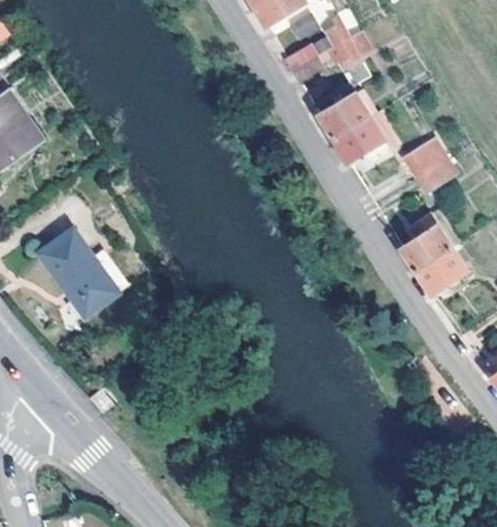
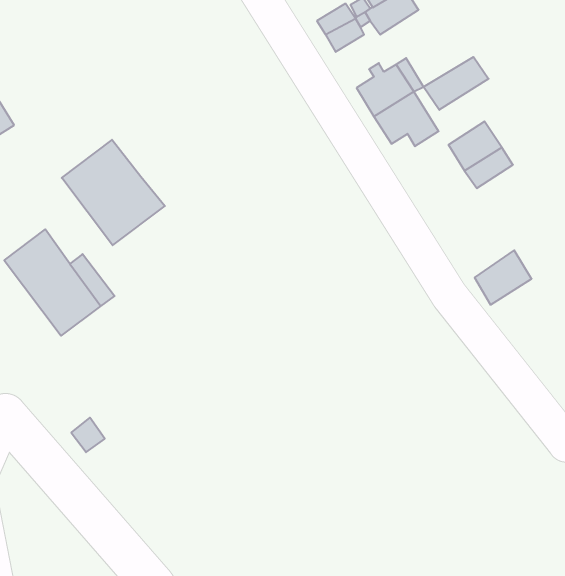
building: none -> [424,57,489,110]
building: none -> [62,140,165,245]
building: [405,215,453,270] -> none

